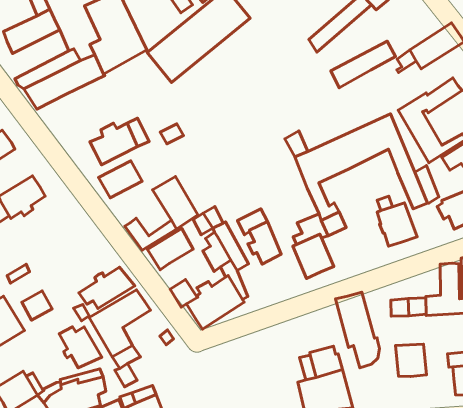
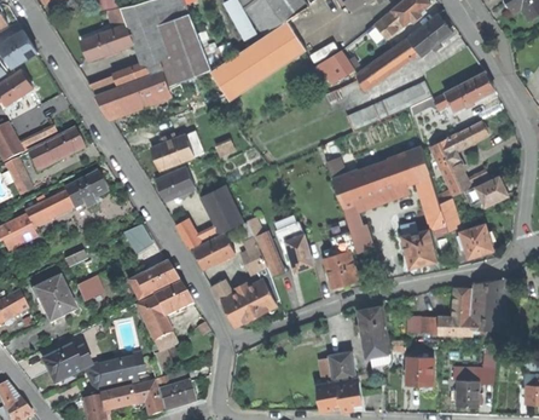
building: none -> [318,51,353,85]
building: none -> [126,224,156,255]
building: [59,327,102,368] -> none

